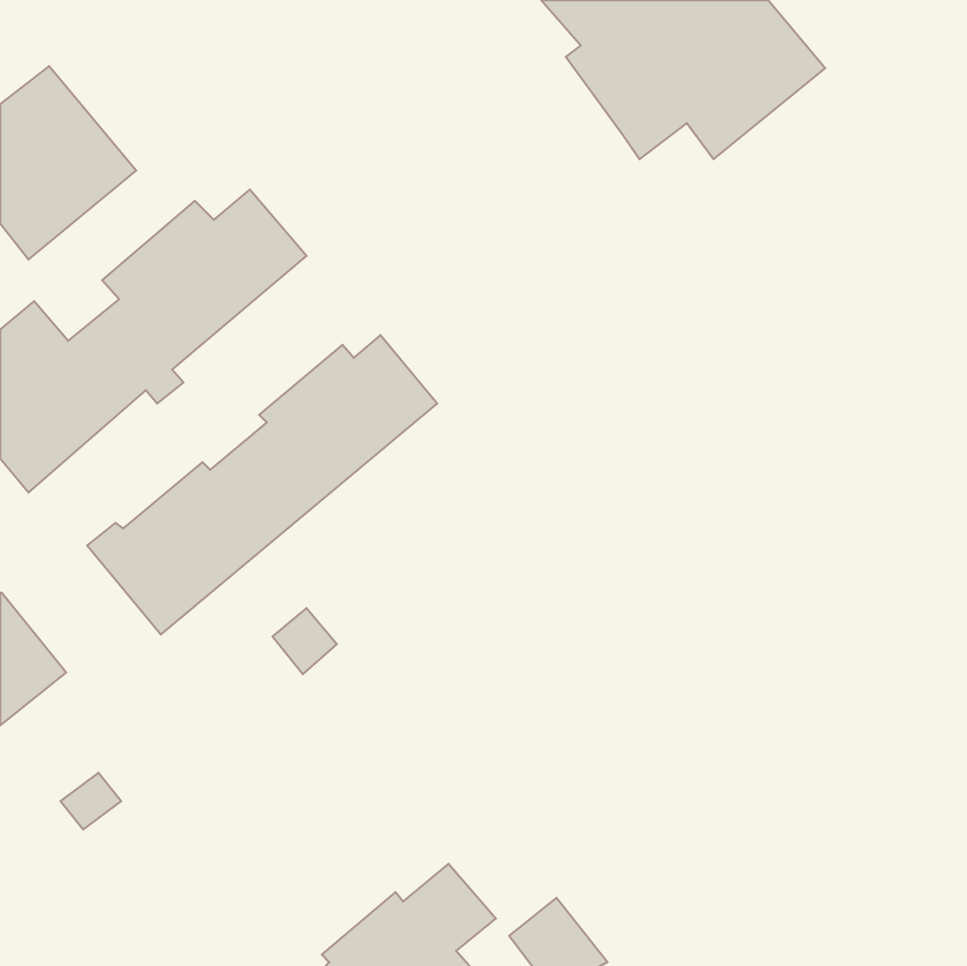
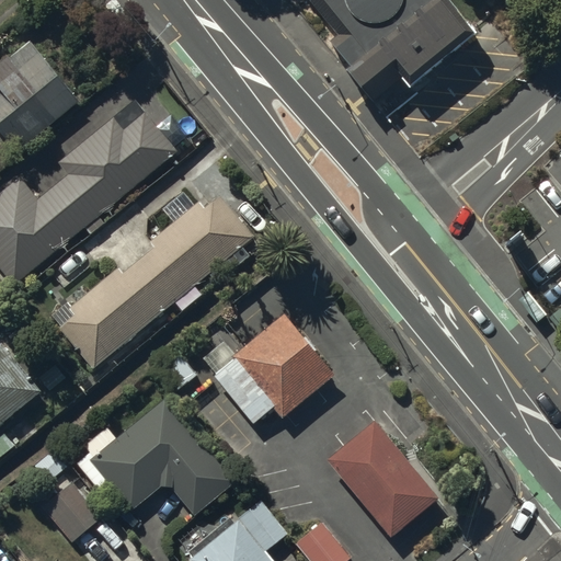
building: none -> [203,314,333,424]
building: none -> [78,402,232,514]
building: none -> [328,420,437,535]
building: none -> [42,483,101,542]

